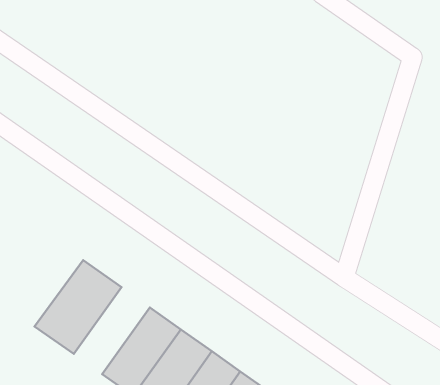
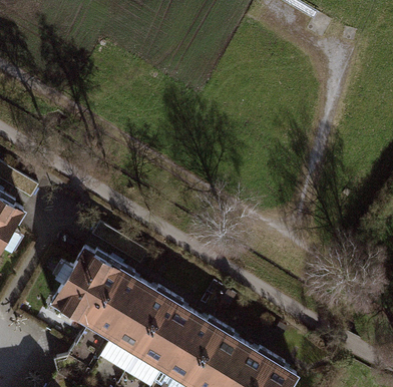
building: none -> [85,268,144,339]

